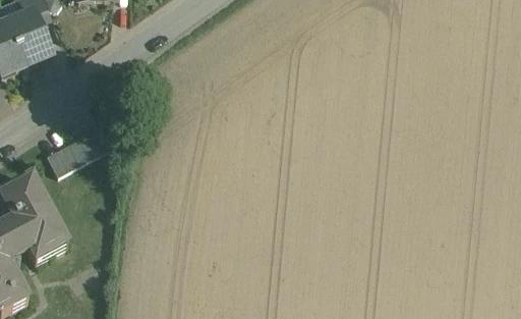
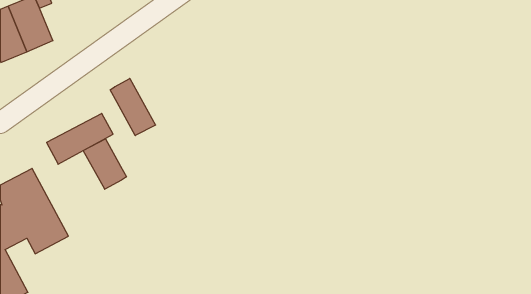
building: none -> [110,78,156,136]
building: none -> [83,139,126,189]

